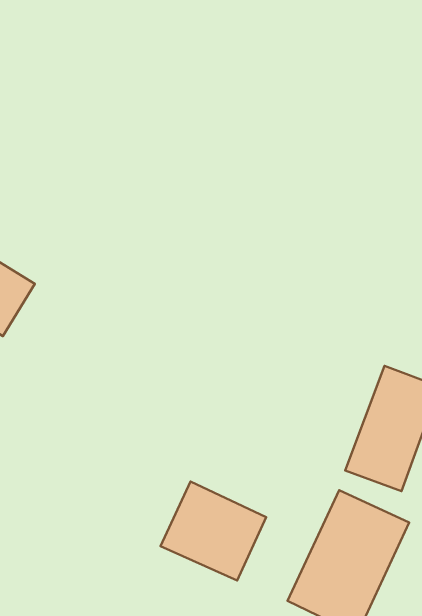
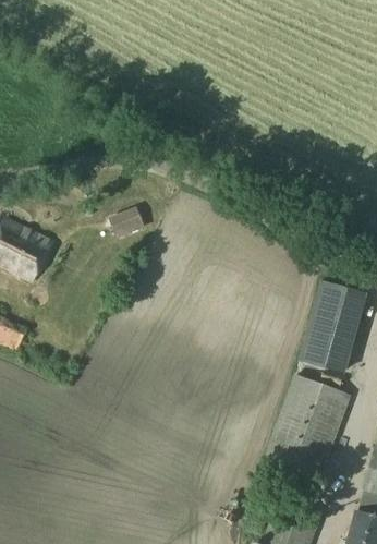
building: none -> [110,205,145,234]
building: [160,481,266,581] -> none

